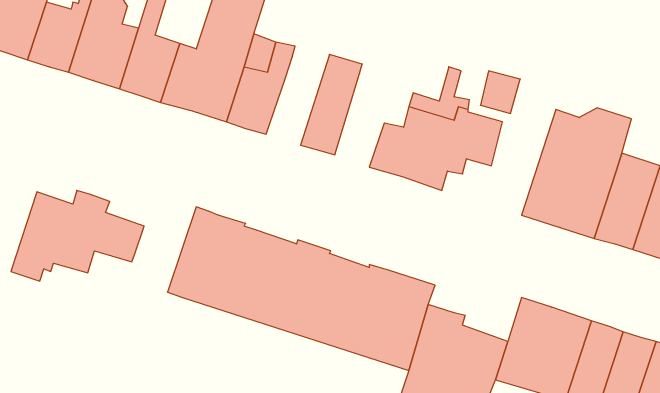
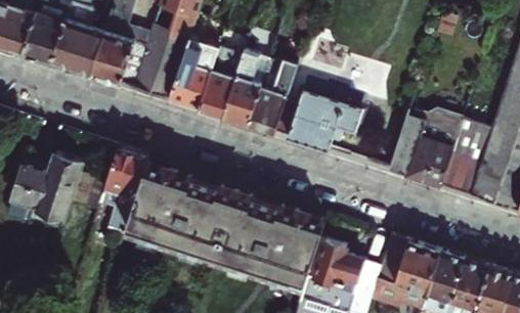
building: none -> [199,48,246,119]
building: none -> [250,51,301,135]
building: none -> [100,145,148,231]

